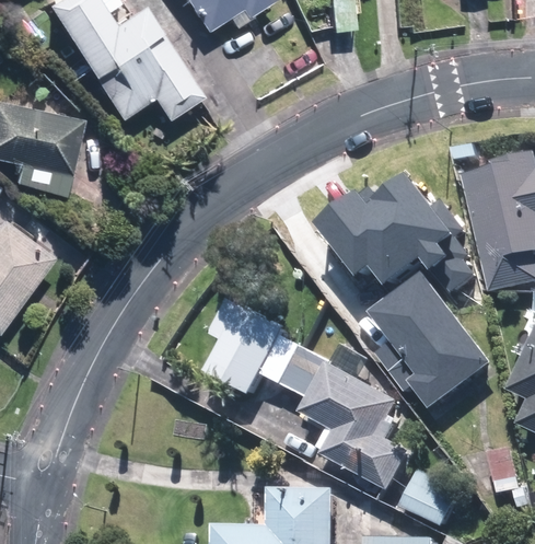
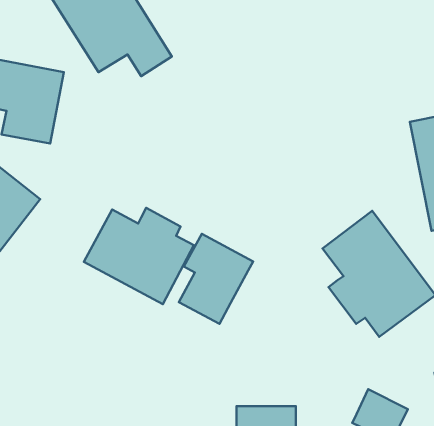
building: [316,173,469,289] -> none
building: none -> [84,208,194,304]
building: [263,336,411,489] -> none

